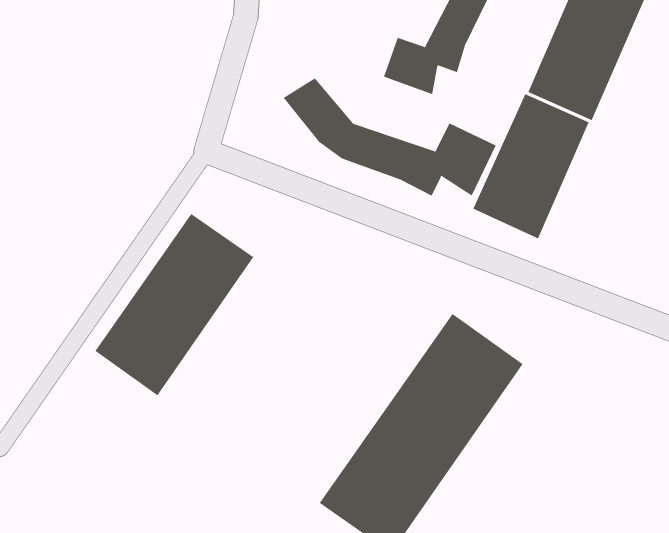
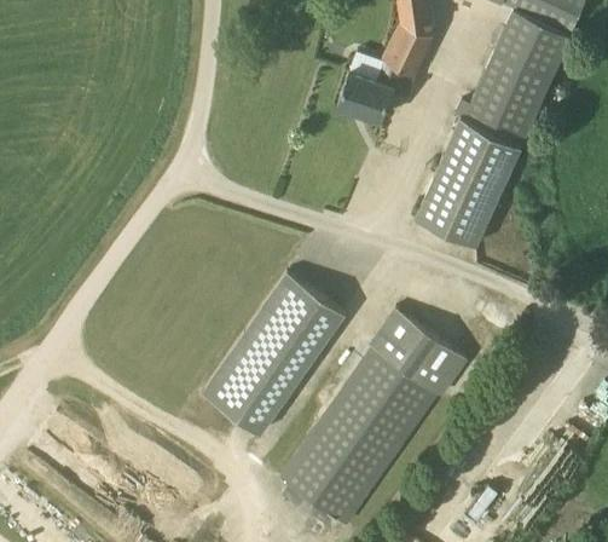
building: [283,78,496,197] -> none
building: [95,213,254,396] -> [203,275,343,436]

